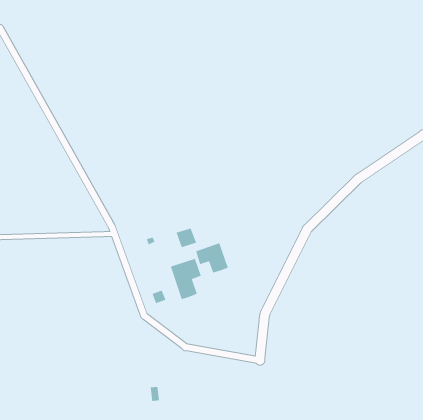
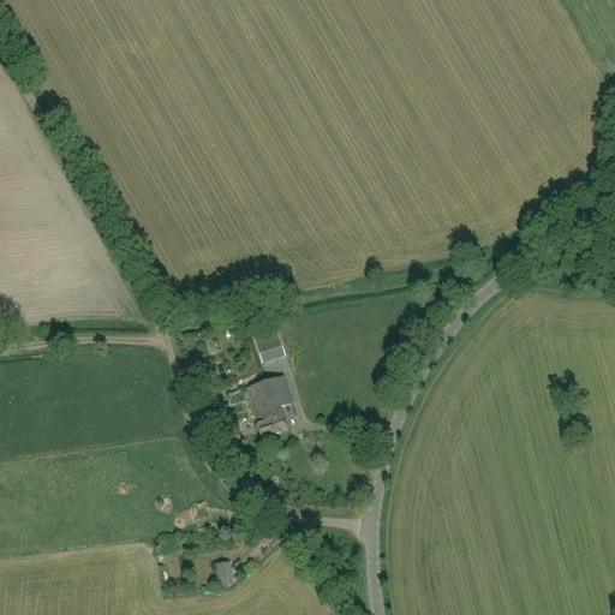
building: [195,242,229,274] -> none

